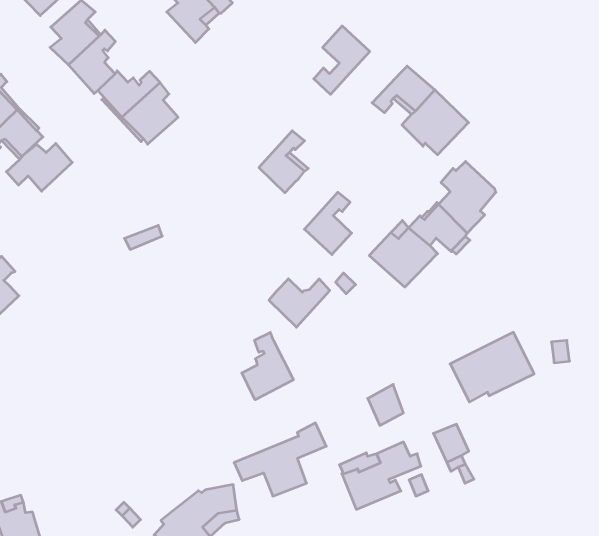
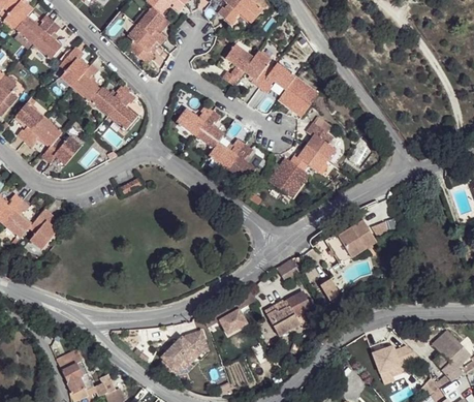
building: none -> [243,51,274,88]
building: none -> [176,104,212,135]
building: [269,279,330,327] -> [208,138,244,169]
building: [242,332,293,400] -> none

